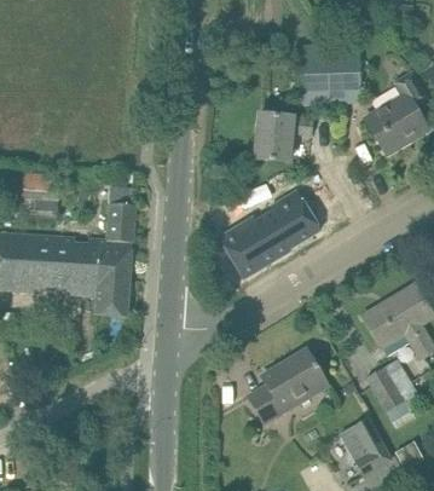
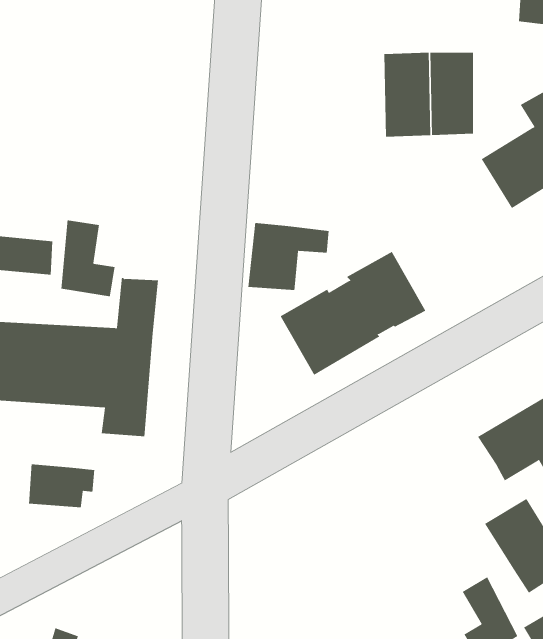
building: [254,114,312,162] -> [248,222,329,290]
building: none -> [61,220,115,297]
building: none -> [28,464,95,508]
building: [247,350,328,423] -> none

